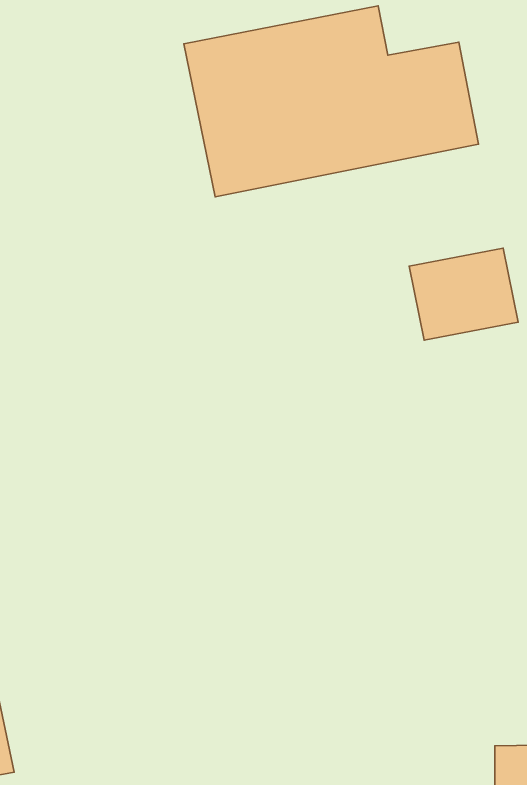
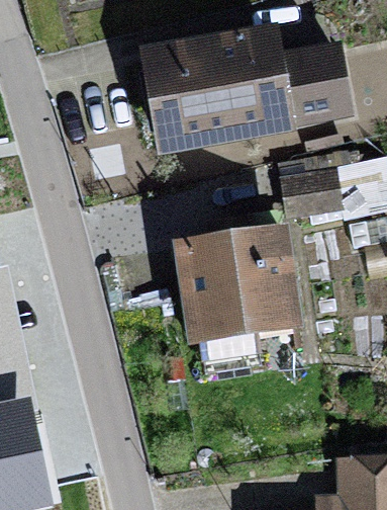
building: none -> [179,231,287,331]

